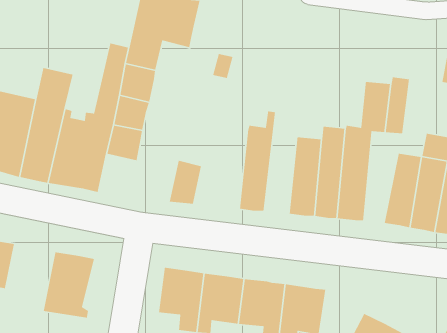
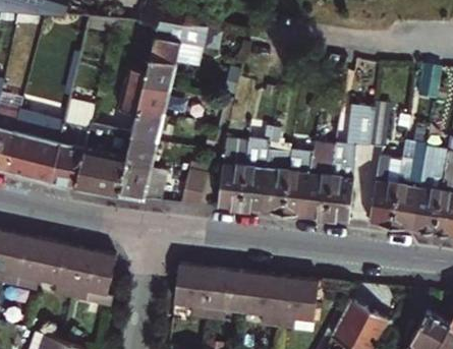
building: none -> [264,127,292,216]
building: none -> [220,140,249,212]
building: none -> [120,164,169,203]
building: none -> [40,241,82,300]

